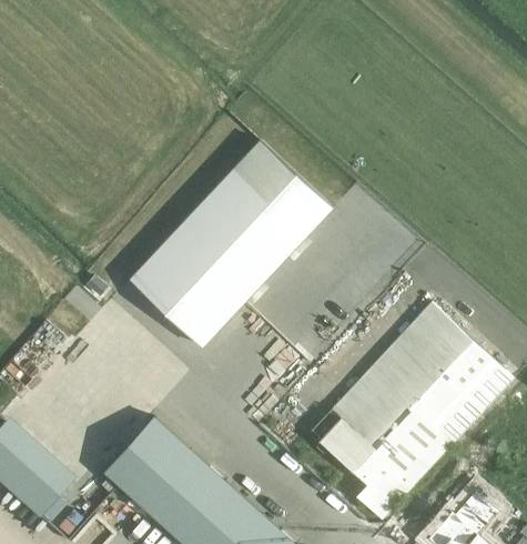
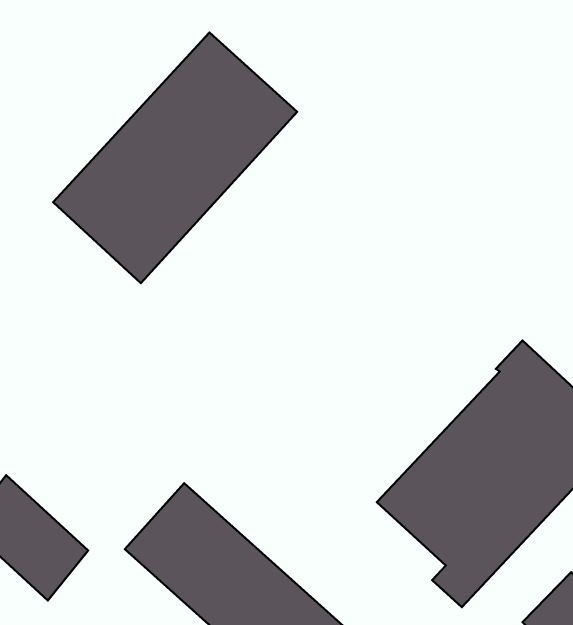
building: [130,139,331,345] -> [53,32,297,283]

